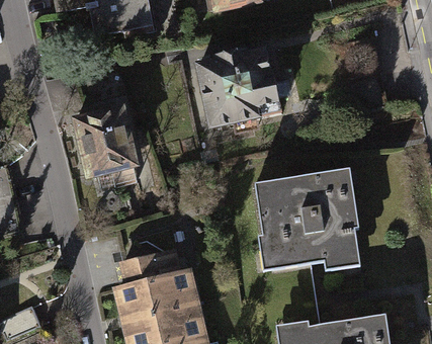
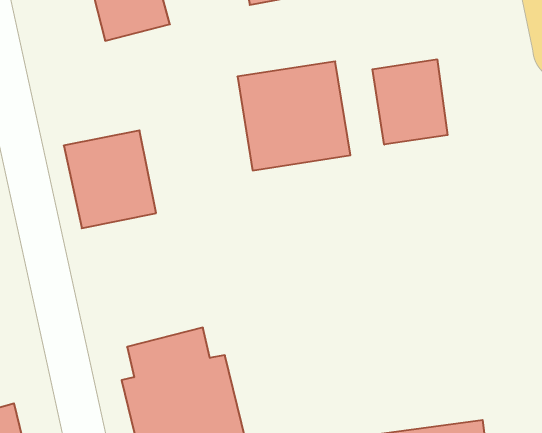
building: none -> [372,59,448,145]
building: [255,169,356,267] -> none

